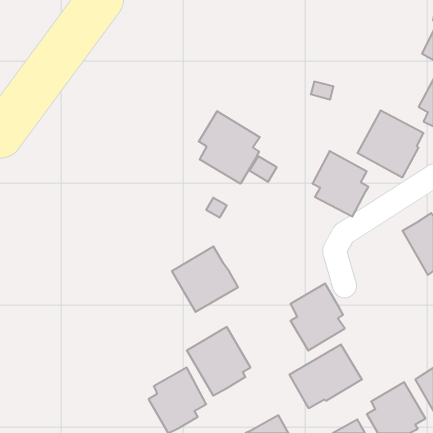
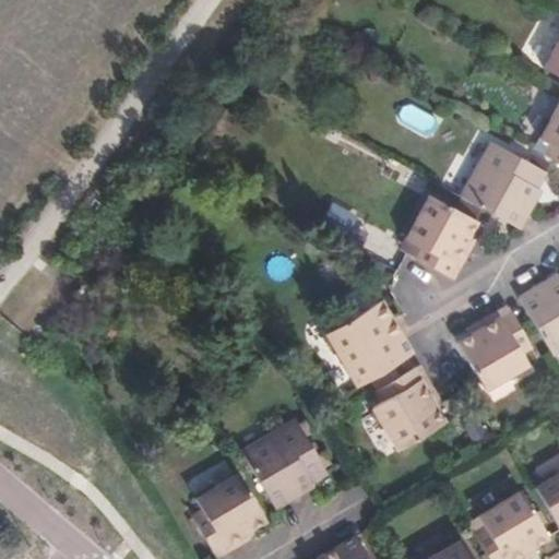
building: [199,111,260,184] -> none
building: none -> [456,305,528,385]
building: [172,246,238,312] -> [326,299,412,383]
building: [290,344,362,408] -> none

